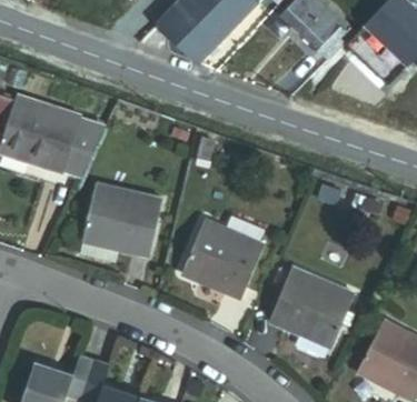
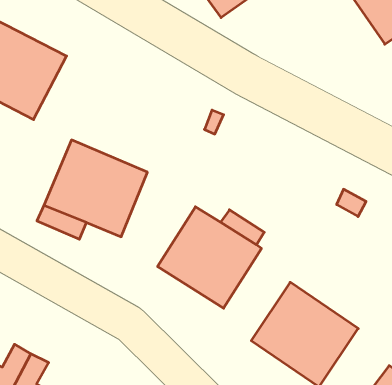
building: [61,115,101,177] -> none

